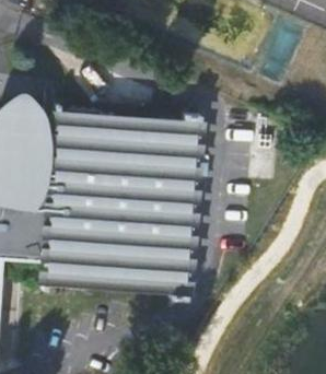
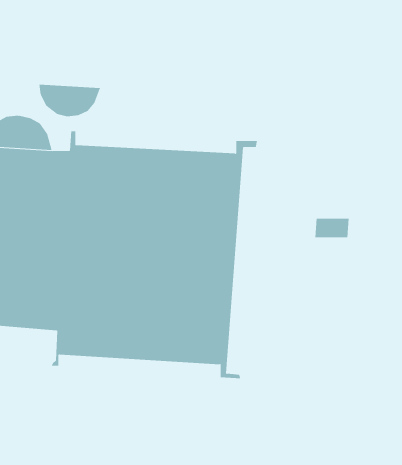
building: none -> [39,84,100,117]

